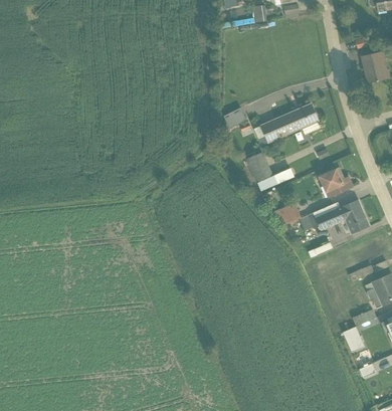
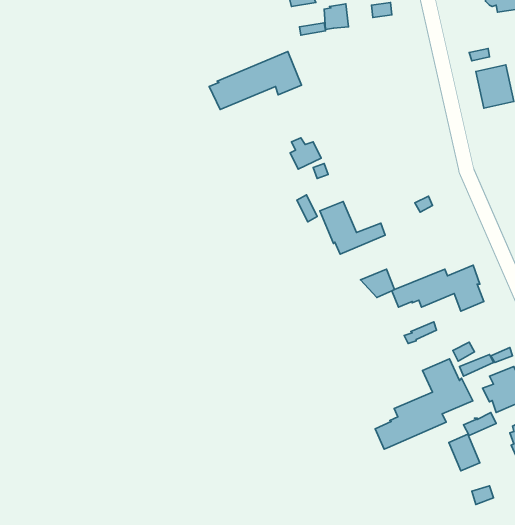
building: [253,102,322,146] -> [209,51,301,110]
building: [317,166,353,198] -> none
building: none -> [375,359,473,449]

